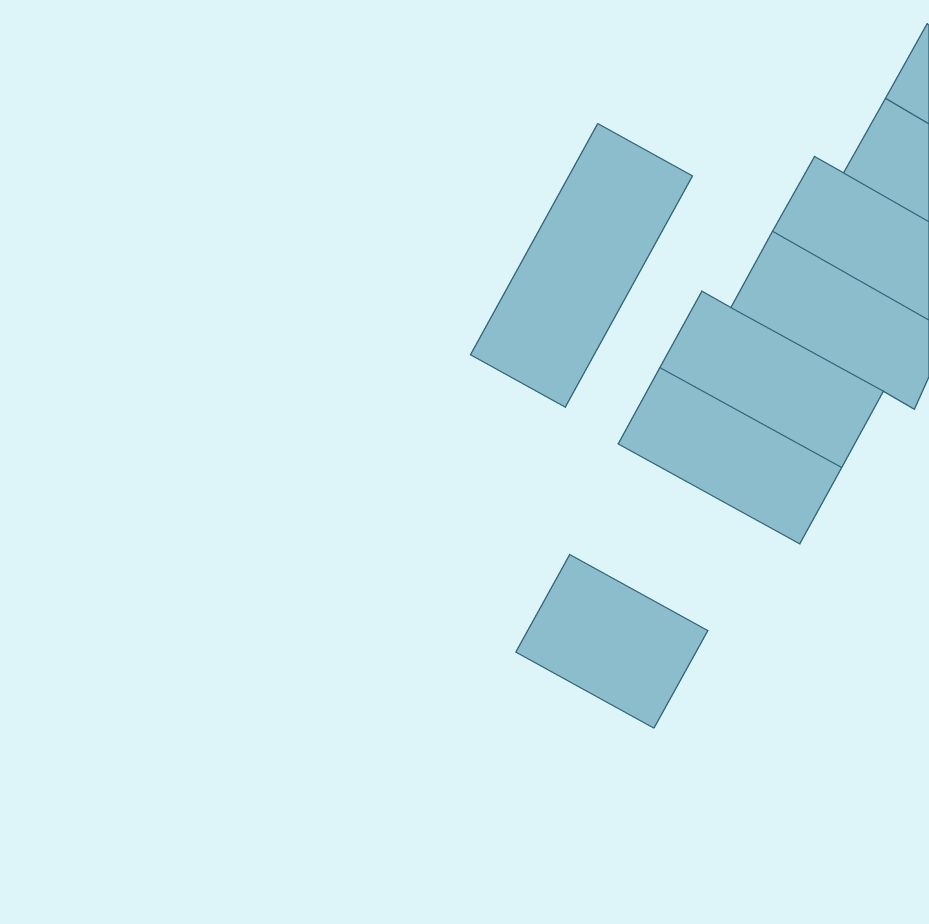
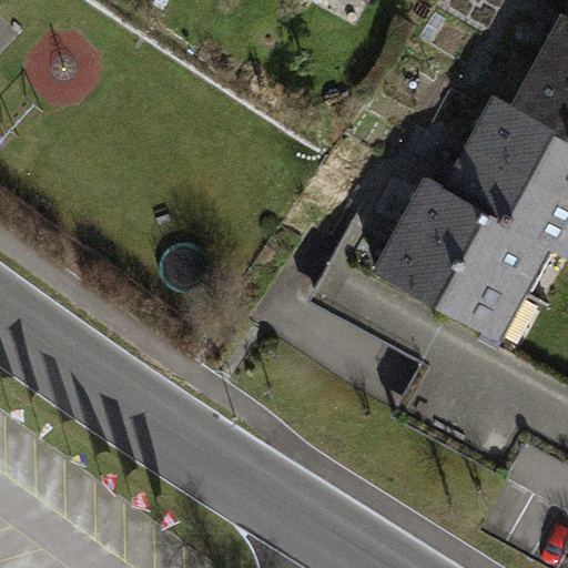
building: [471,124,692,407] -> none
building: [516,554,708,728] -> none

